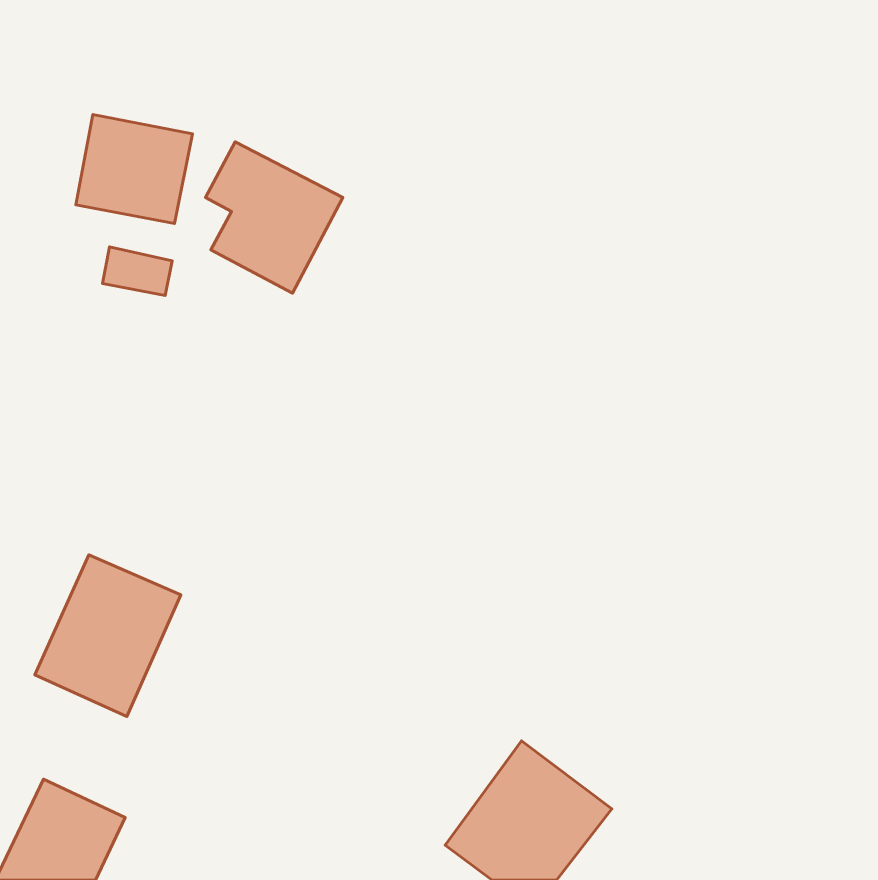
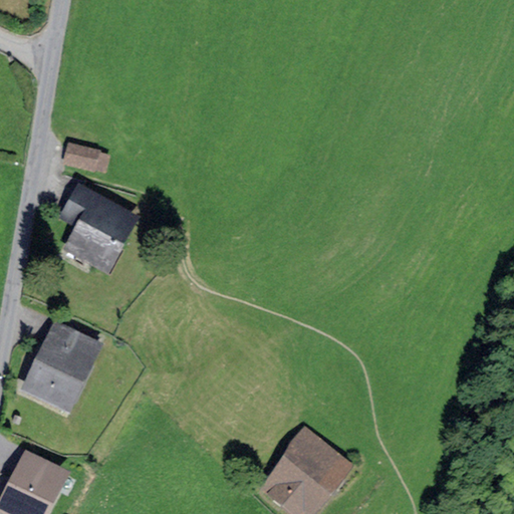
building: [76,115,192,223] -> none
building: [205,142,343,293] -> [57,185,137,272]

